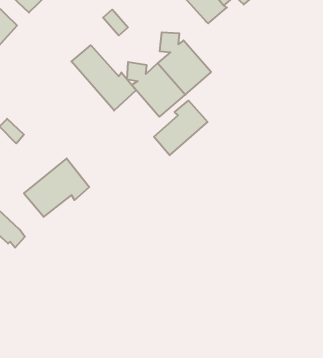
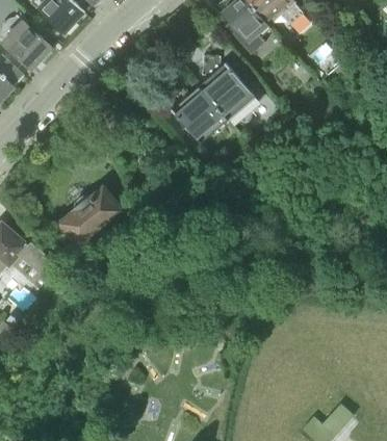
building: [71,45,136,111] -> none
building: [154,101,208,155] -> none

